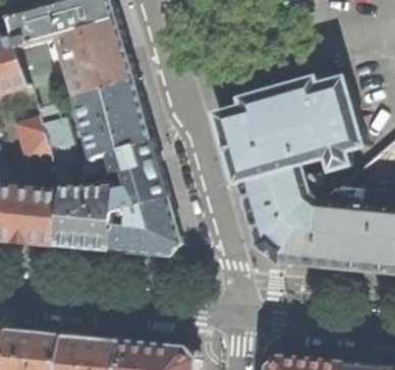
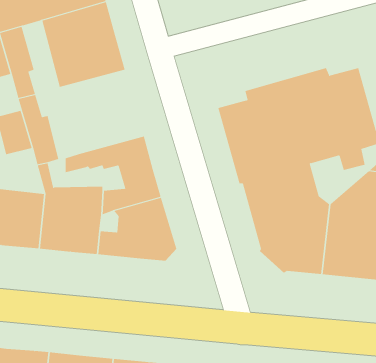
building: [71,81,149,158] -> none

